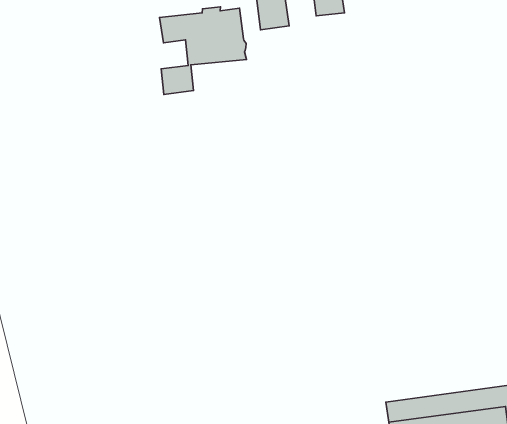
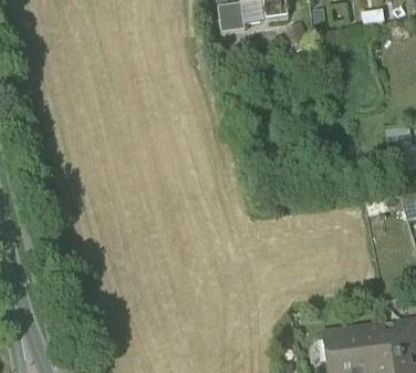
building: [159,7,246,94] -> none

